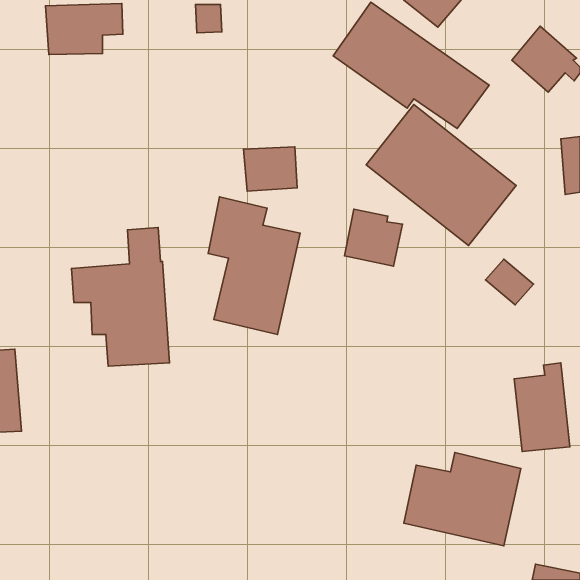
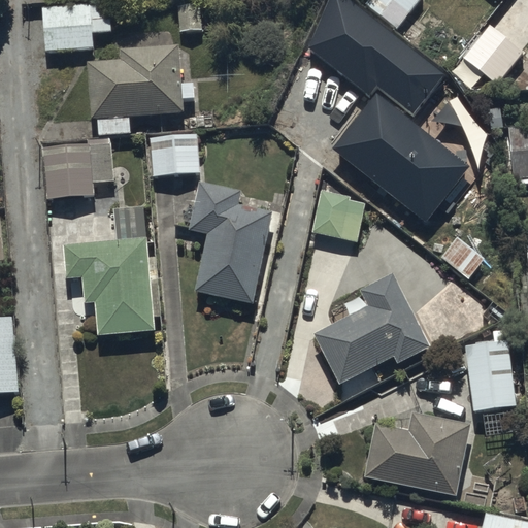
building: none -> [89,45,183,135]
building: [244,147,297,191] -> [151,135,199,175]
building: none -> [41,141,116,197]
building: none -> [314,272,430,385]

